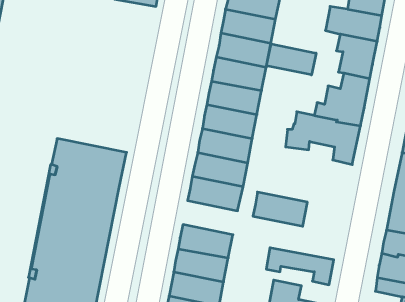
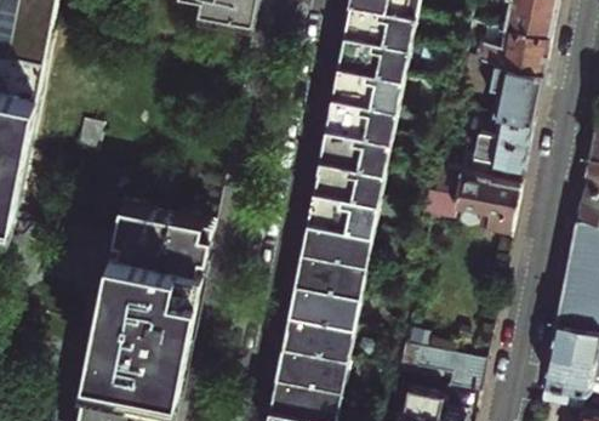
building: [266,44,316,75] -> none
building: [253,192,307,226] -> [289,281,360,326]

